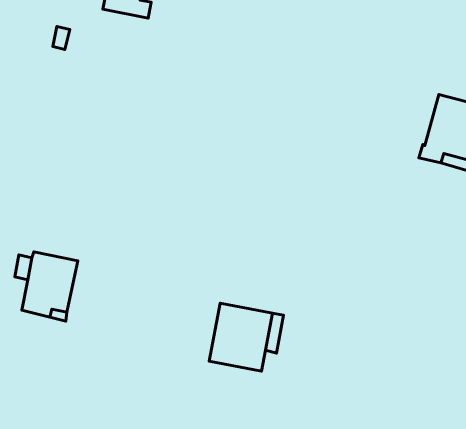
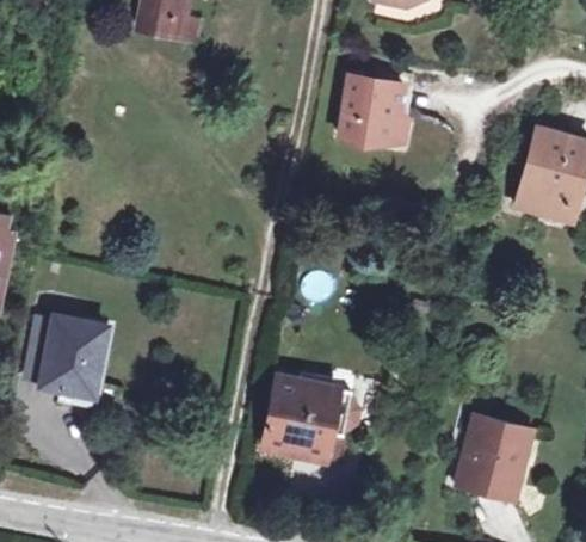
building: none -> [340,74,405,142]
building: none -> [455,414,533,501]

